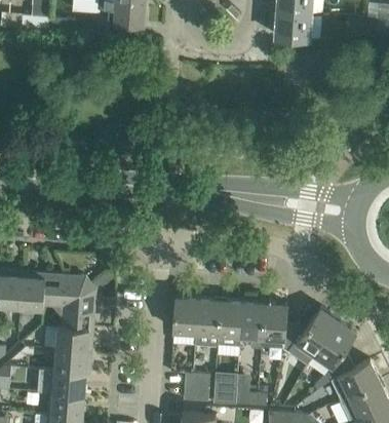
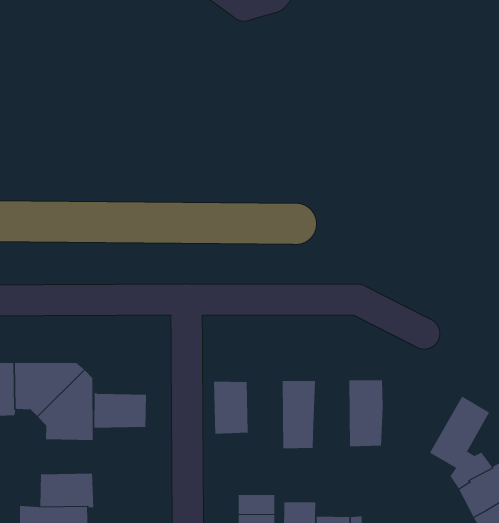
building: [194,299,220,345] -> none
building: [238,302,264,348] -> none
building: [282,307,338,364] -> none
building: [55,325,92,351] -> [93,392,147,428]

